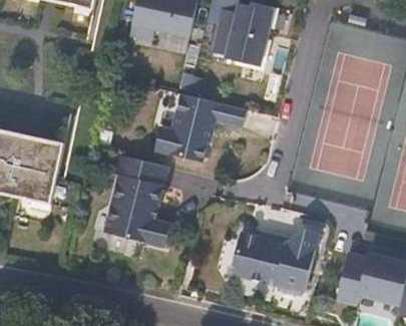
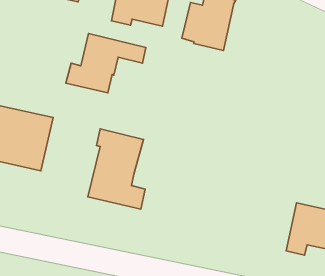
building: [154,93,247,161] -> [66,34,146,93]
building: [234,229,320,292] -> none

